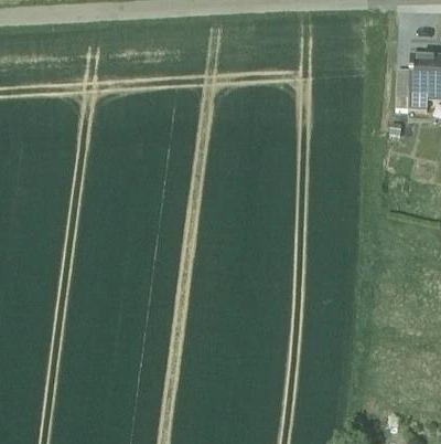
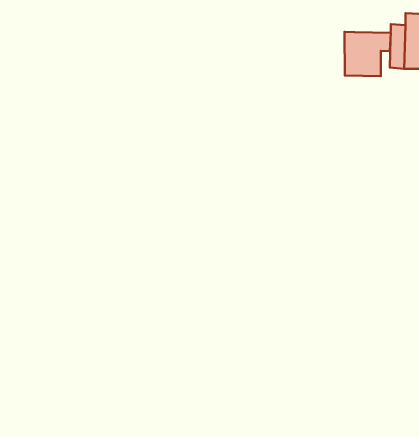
building: none -> [345,32,391,76]

